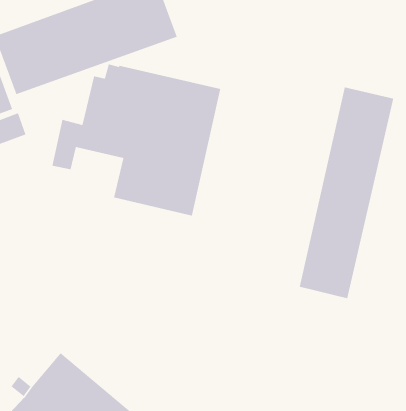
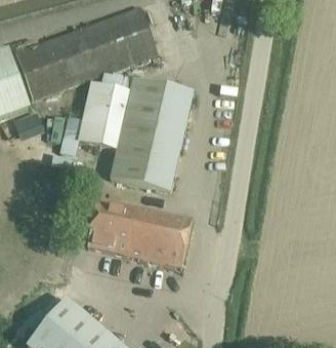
building: [299,87,394,299] -> none
building: none -> [89,197,192,266]

